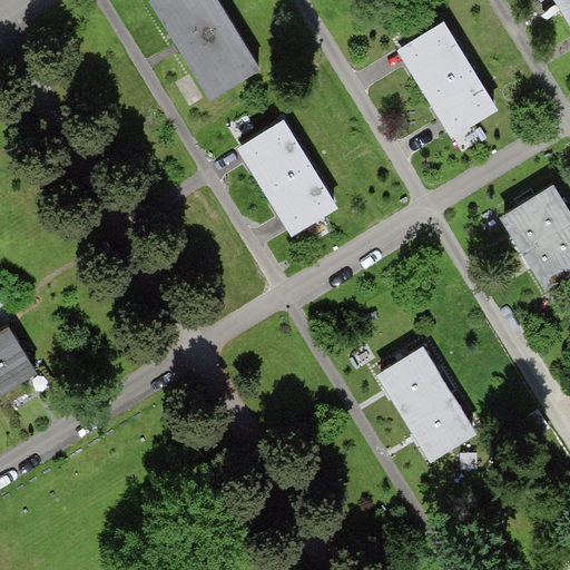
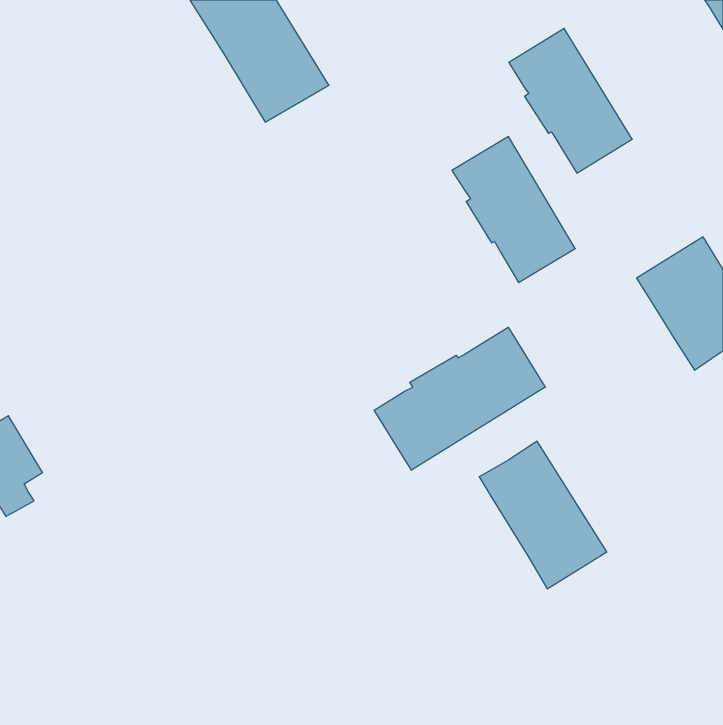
building: [239,120,336,235] -> [452,137,575,283]
building: none -> [374,327,545,470]

